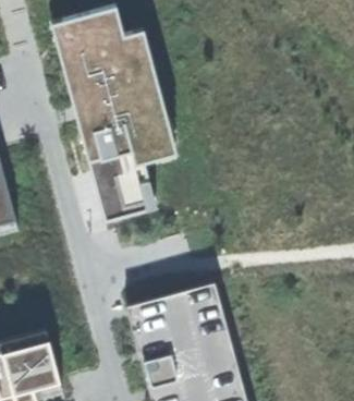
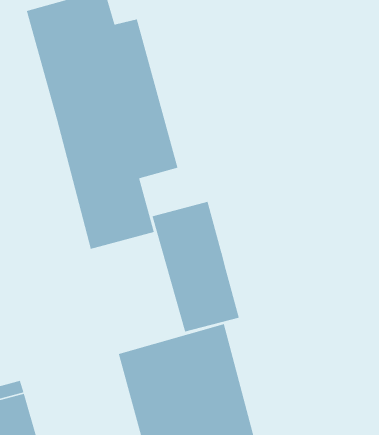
building: none -> [151,201,240,333]

